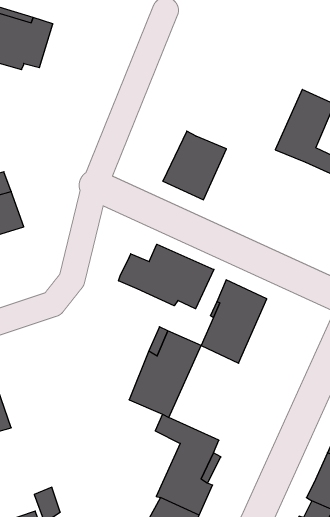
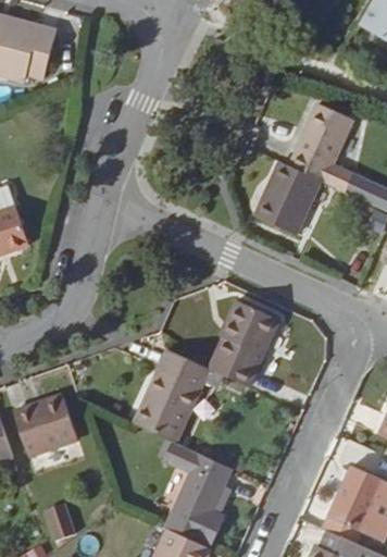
building: [163,131,226,200] -> [254,160,321,232]
building: [119,244,214,309] -> none
building: none -> [11,395,76,458]

